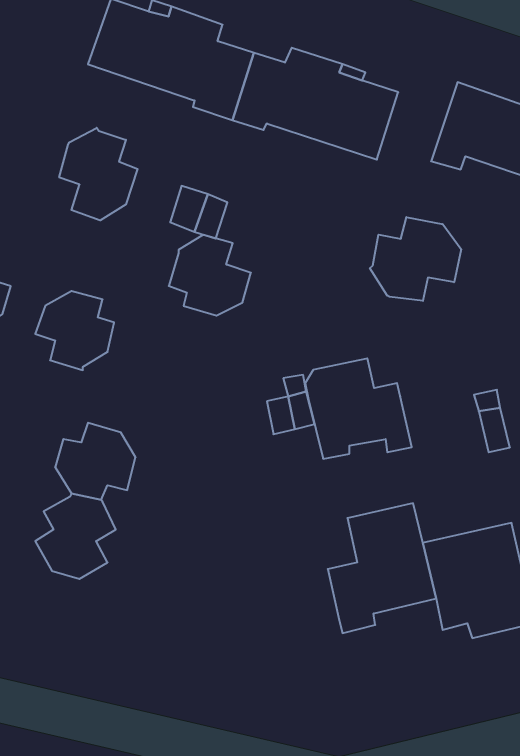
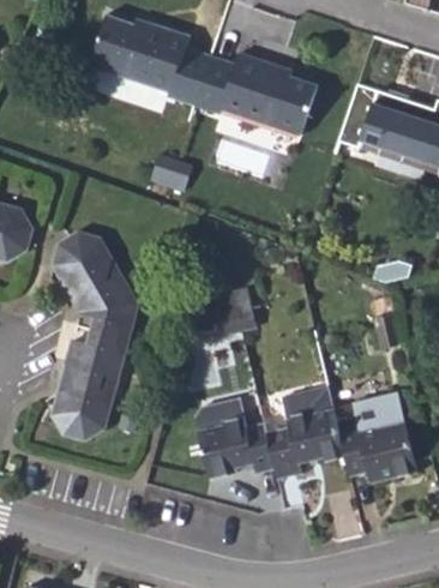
building: [59,128,138,220] -> none
building: [370,217,461,301] -> none
building: [169,235,251,316] -> [79,275,139,334]
building: [305,358,412,459] -> [196,406,273,479]

